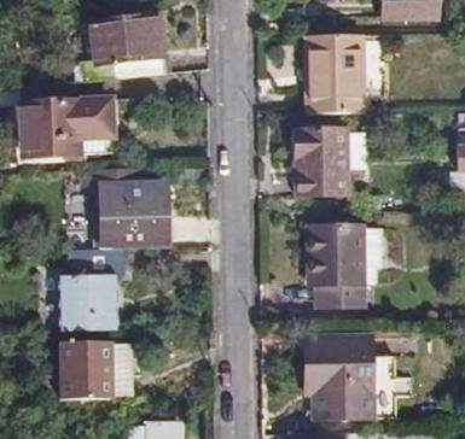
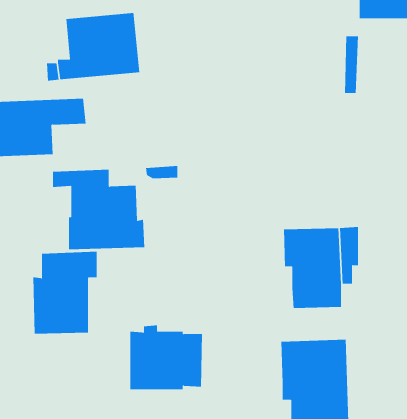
building: [304,36,362,116] -> none
building: [295,129,365,197] -> none
building: [60,335,133,399] -> [130,325,203,390]

